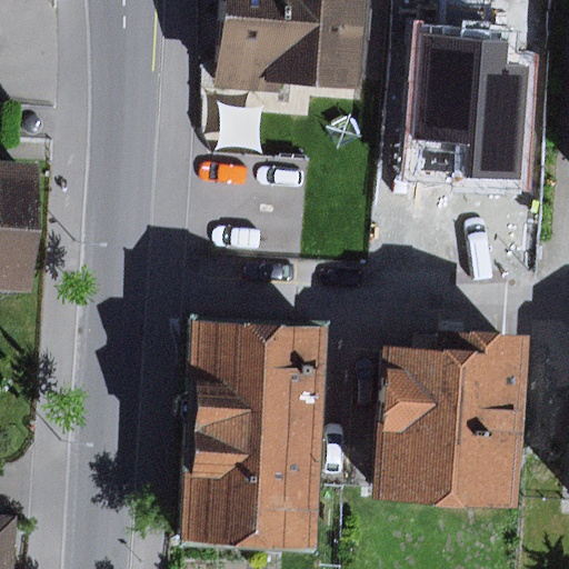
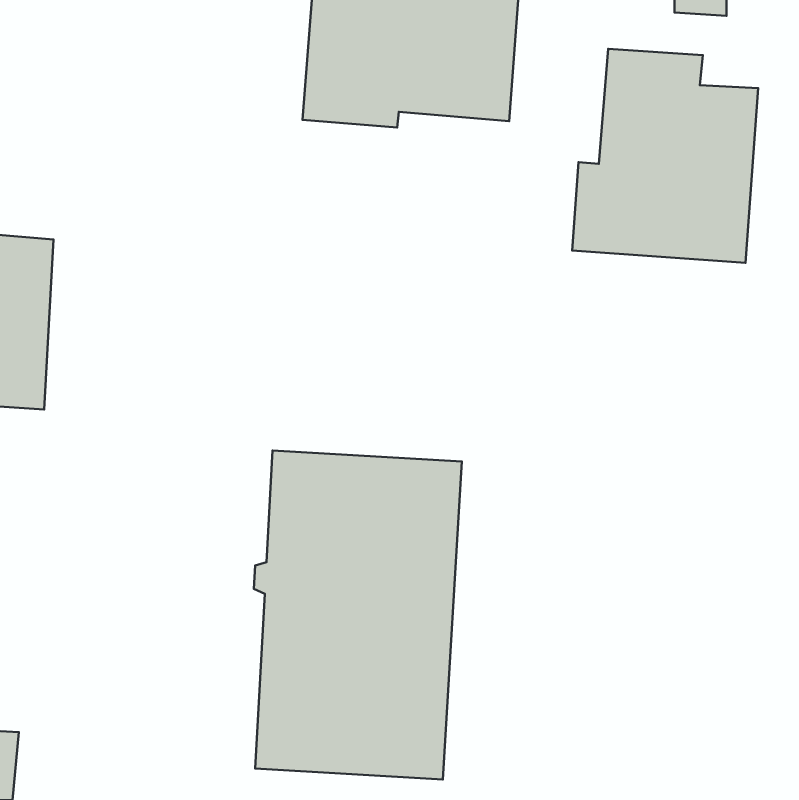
building: [370,330,530,512] -> none

